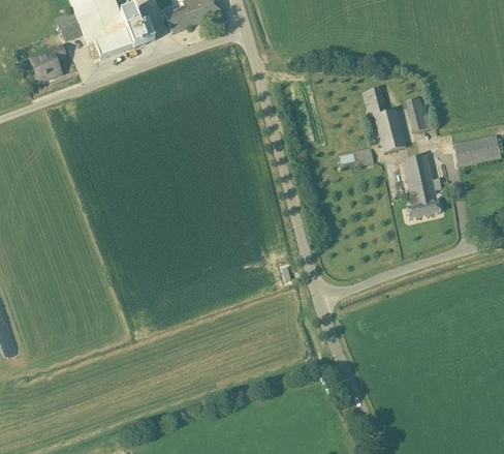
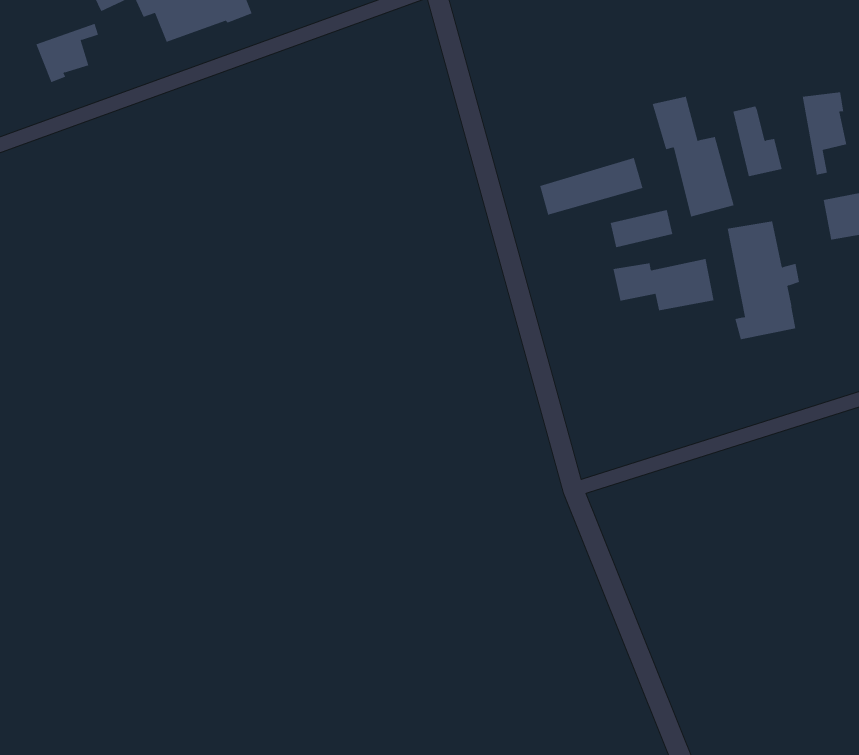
building: none -> [802,91,847,176]
building: none -> [540,157,643,215]
building: none -> [613,258,714,311]

